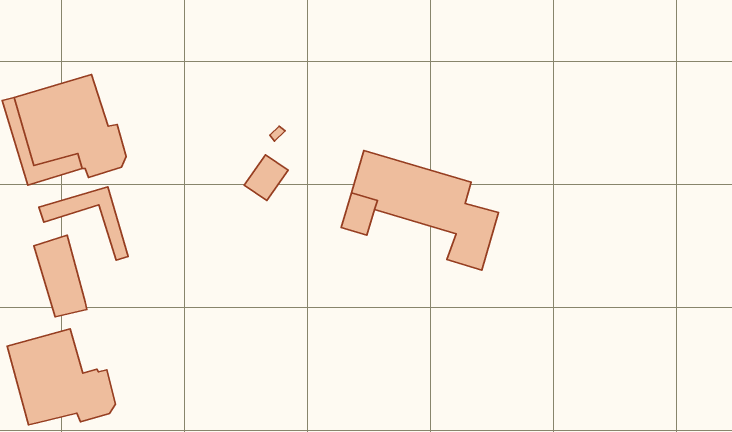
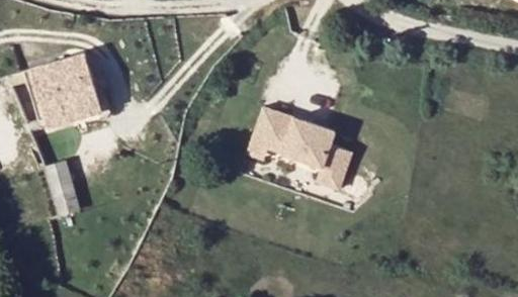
building: [39,187,128,260] -> none
building: [7,329,116,425] -> none

